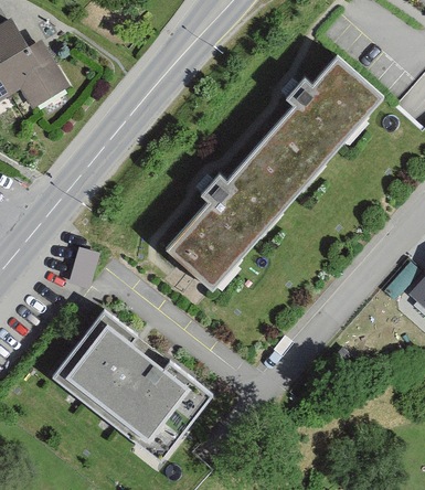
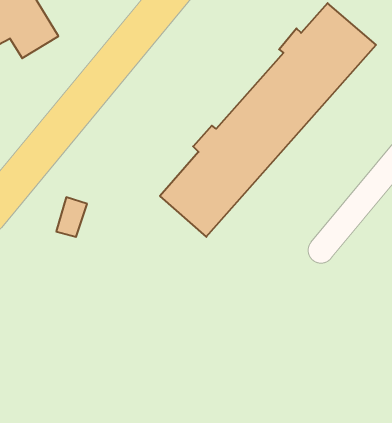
building: [54,311,217,462] -> none

